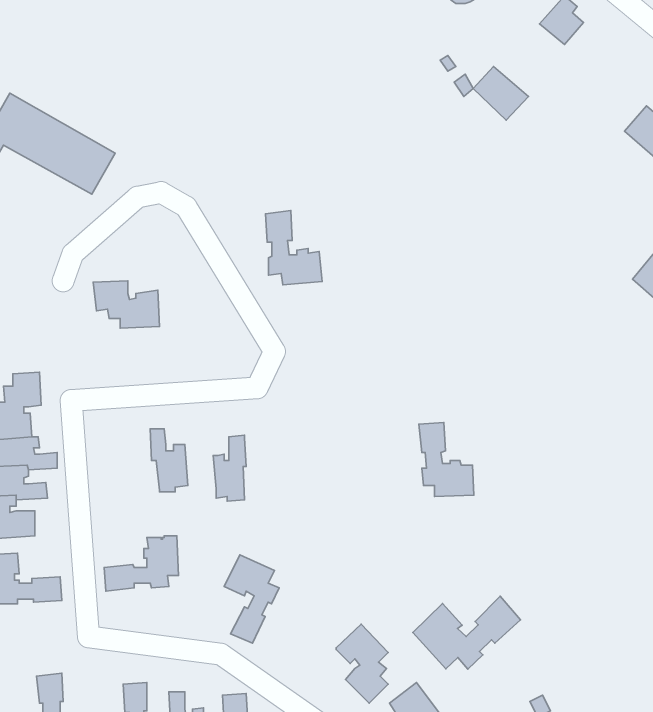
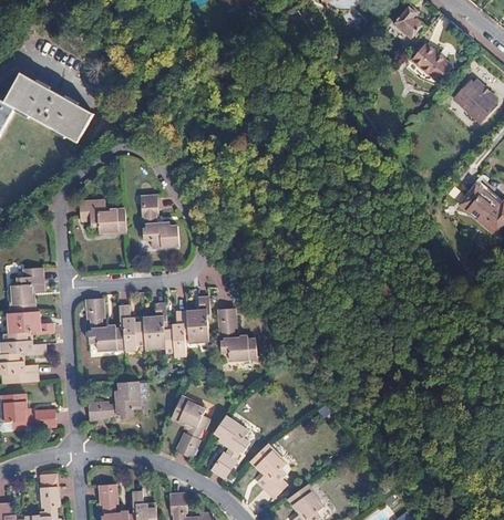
building: [473,66,528,120] -> [411,40,450,77]
building: [265,211,322,285] -> [141,196,181,248]
building: none -> [186,299,210,344]
building: none -> [86,300,126,352]
building: [419,423,474,497] -> [217,310,256,362]
building: none -> [144,304,167,350]
building: none -> [210,415,250,479]
building: [413,596,520,669] -> none

